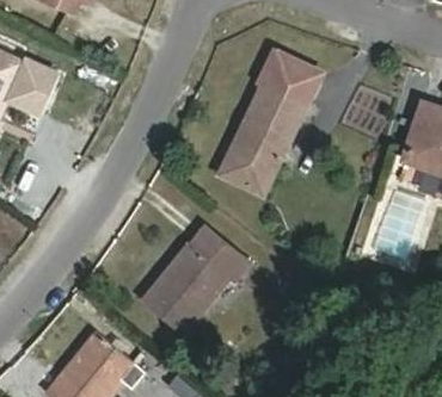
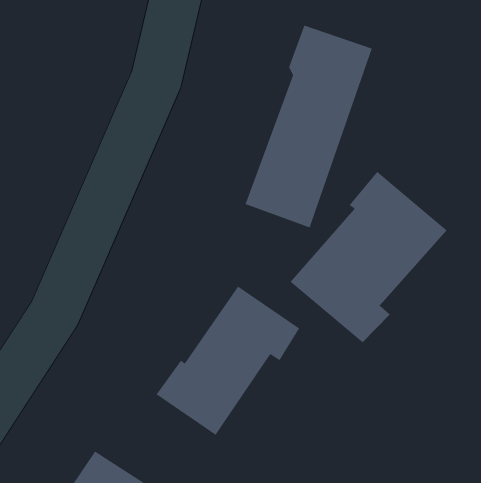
building: none -> [290,171,448,343]

